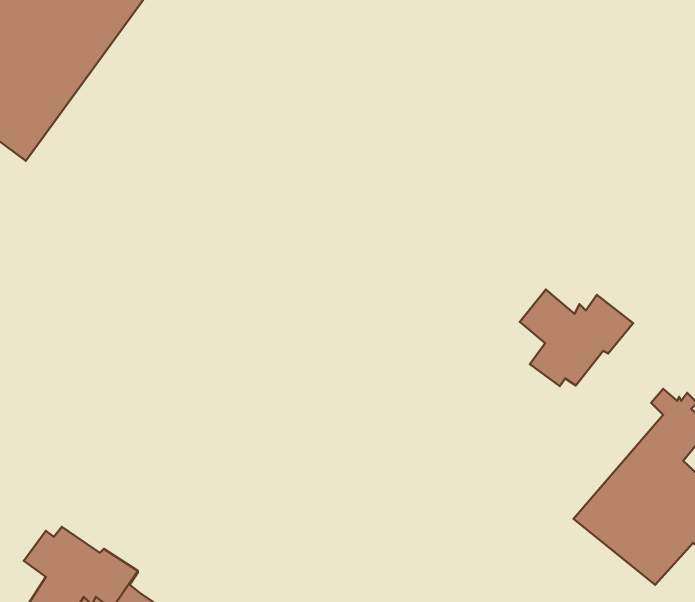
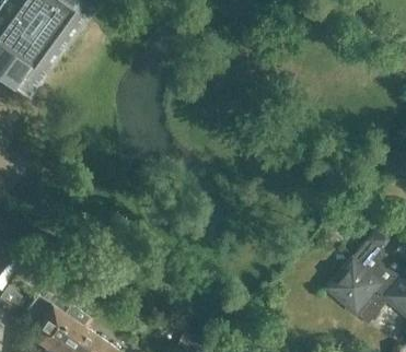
building: [520,289,633,386] -> none

